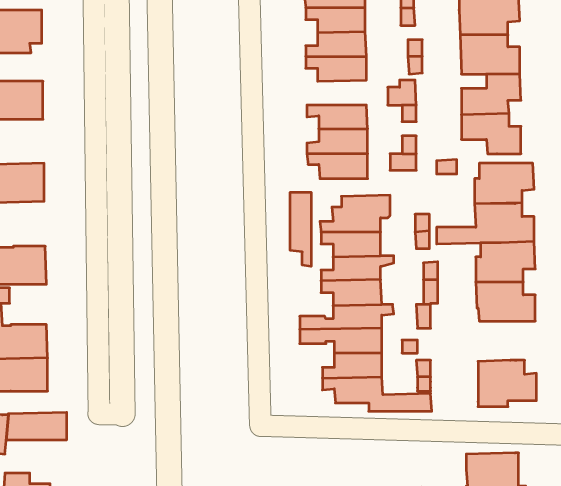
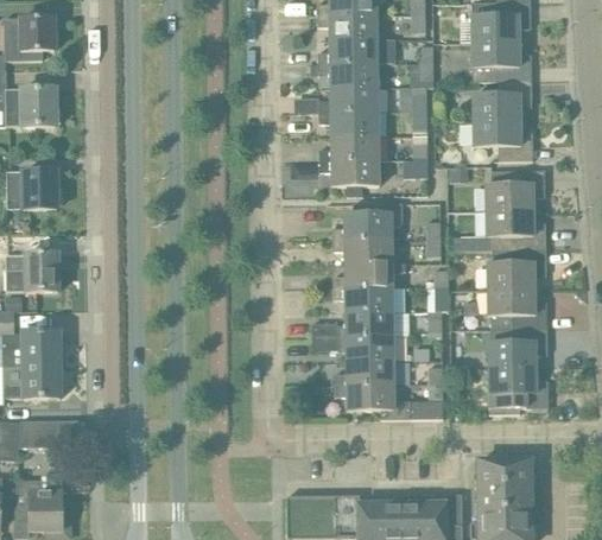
building: none -> [318,87,378,112]
building: [290,192,311,266] -> none
building: none -> [488,328,547,368]

